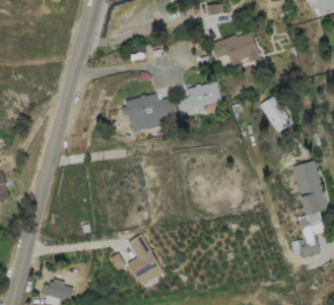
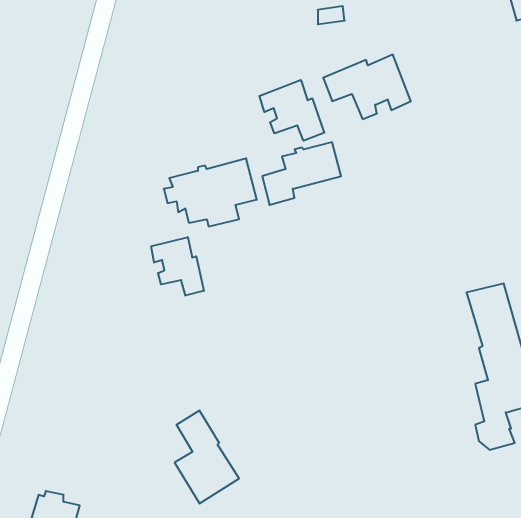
building: none -> [259,80,324,141]
building: [260,97,290,133] -> none
building: none -> [151,237,204,296]

